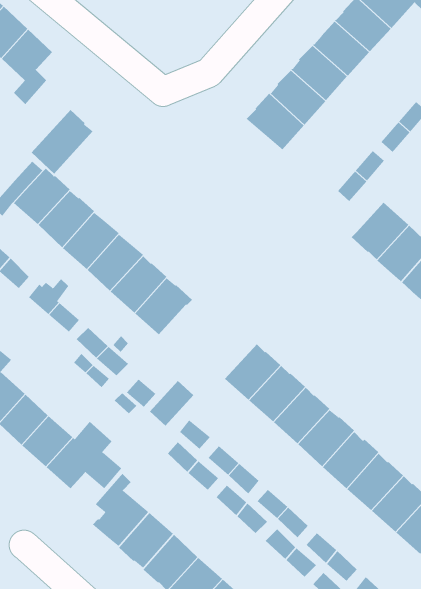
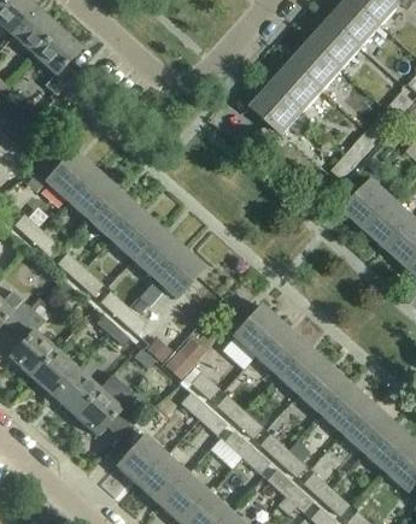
building: [31,109,93,175] -> none

